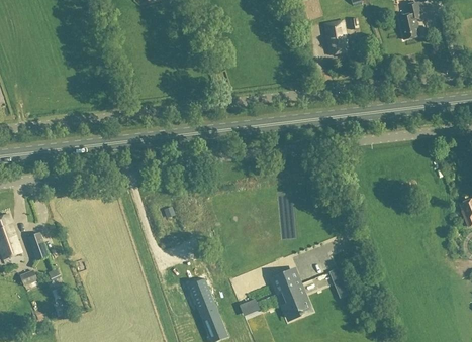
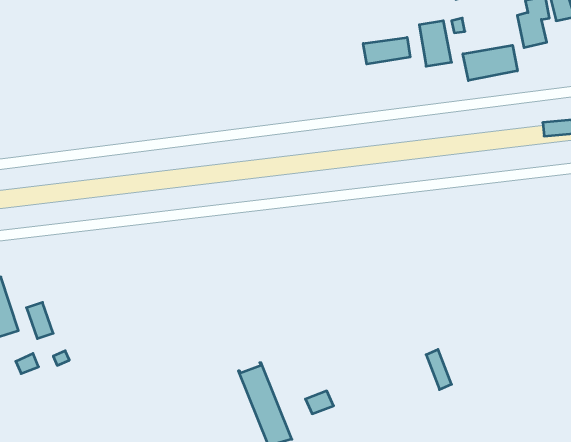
building: none -> [363,37,410,64]
building: none -> [463,45,517,81]
building: [269,266,313,321] -> none

